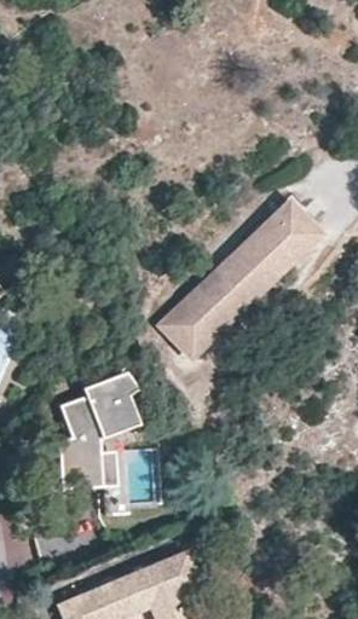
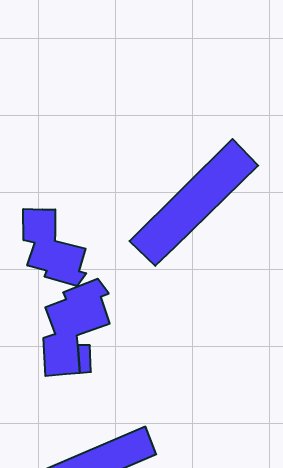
building: none -> [23,209,86,286]

